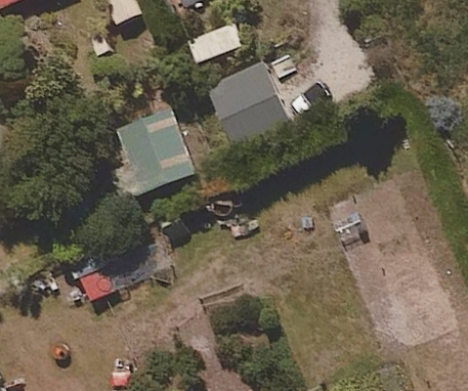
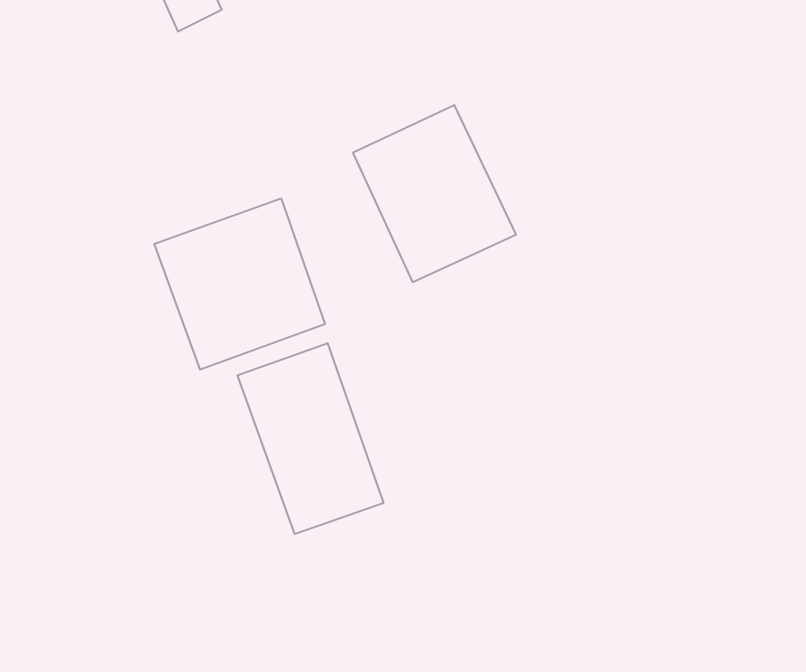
building: none -> [238,343,383,534]

